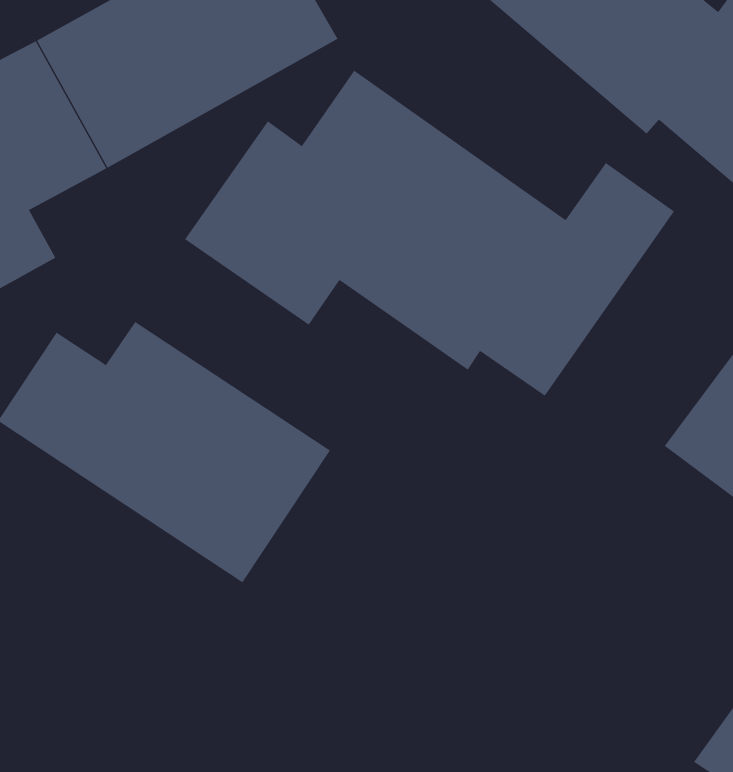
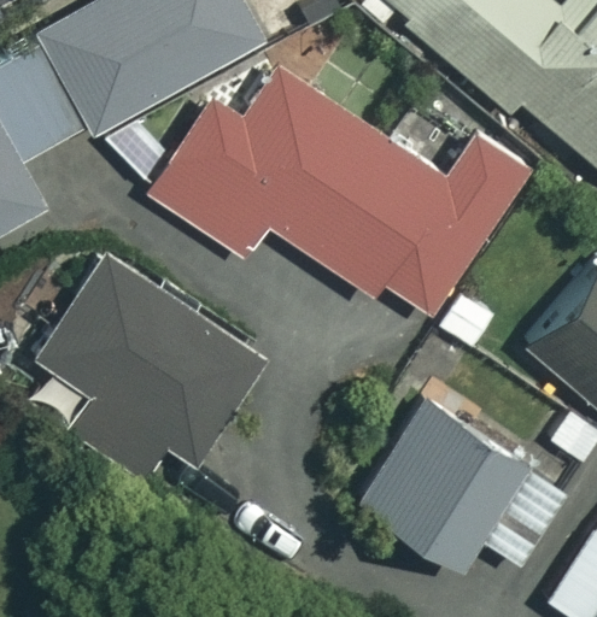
building: none -> [359,402,567,572]

